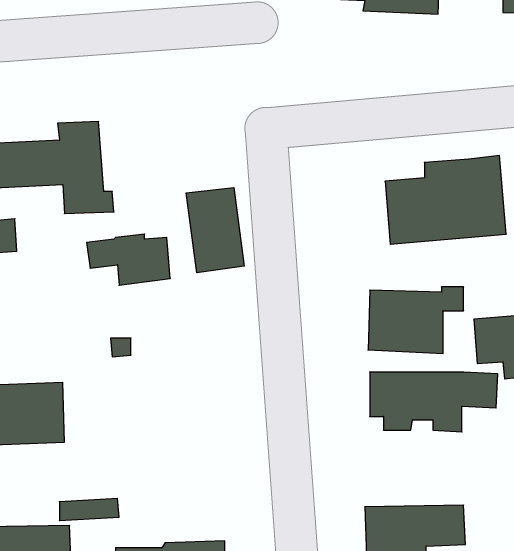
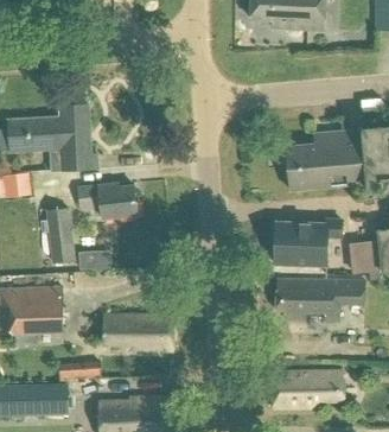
building: [186,188,244,273] -> none
building: none -> [46,207,75,262]
building: none -> [102,312,171,349]

